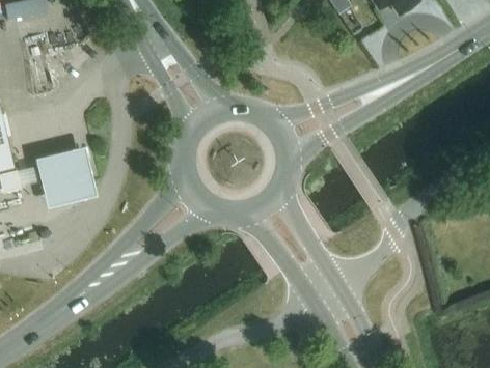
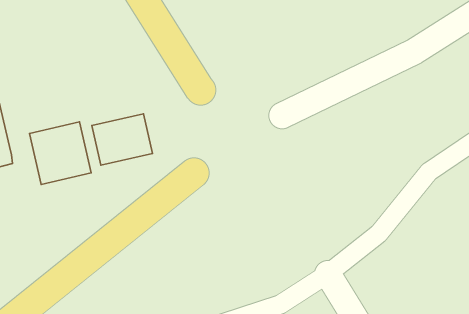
building: none -> [92,114,152,165]

